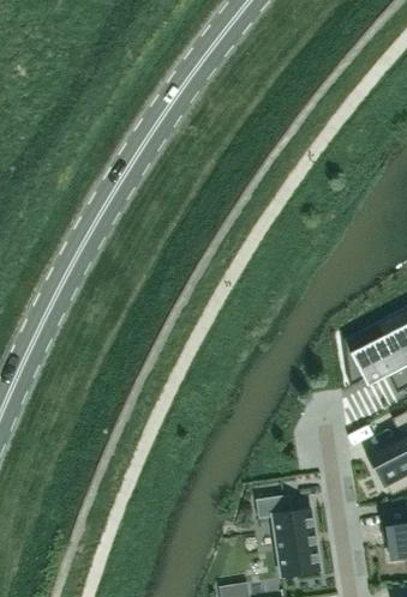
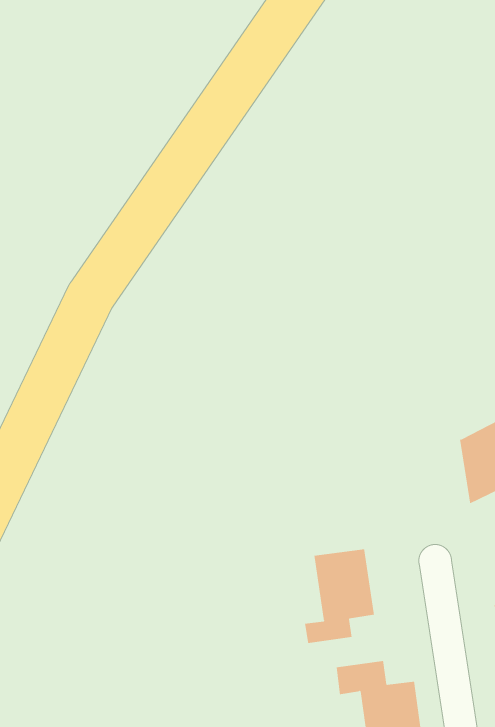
building: none -> [305,548,375,644]

